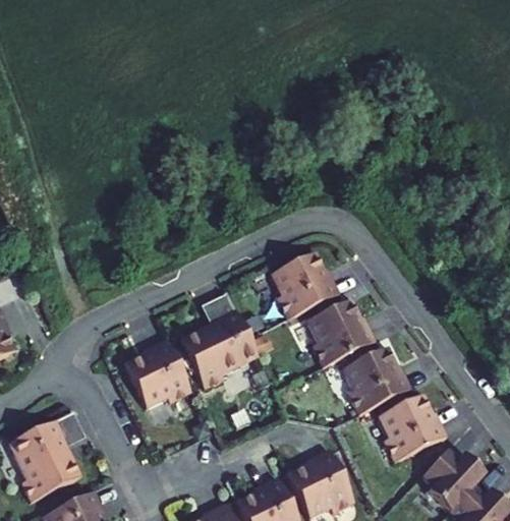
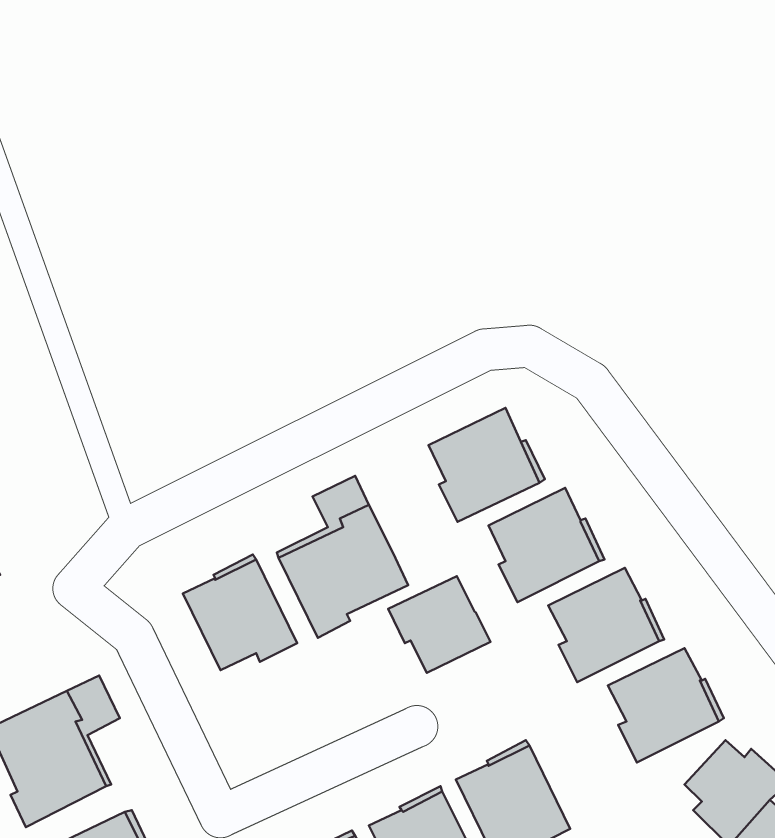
building: none -> [388,576,491,673]

